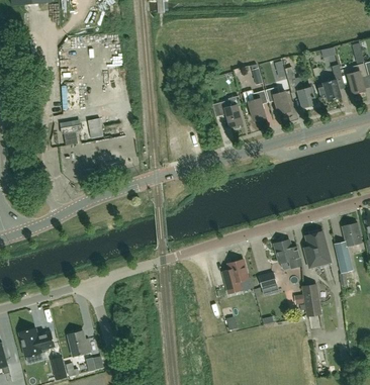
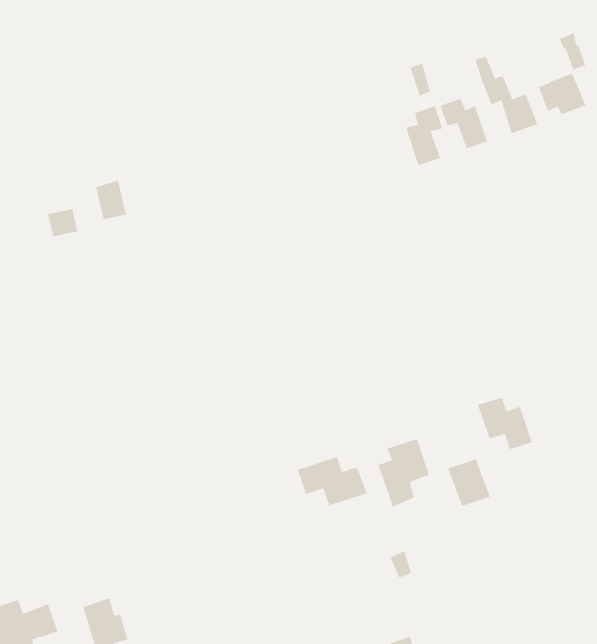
building: [212,100,242,129] -> none
building: [305,231,330,266] -> none
building: none -> [297,456,368,506]
building: [293,285,319,313] -> none

